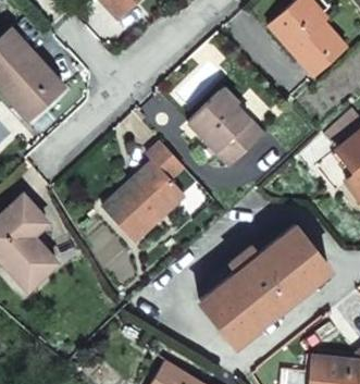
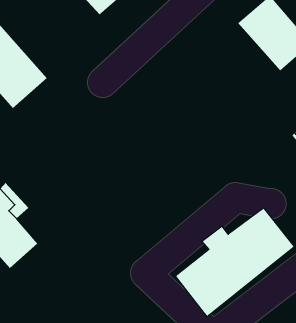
building: [188,90,262,168] -> none
building: [102,144,212,243] -> none

